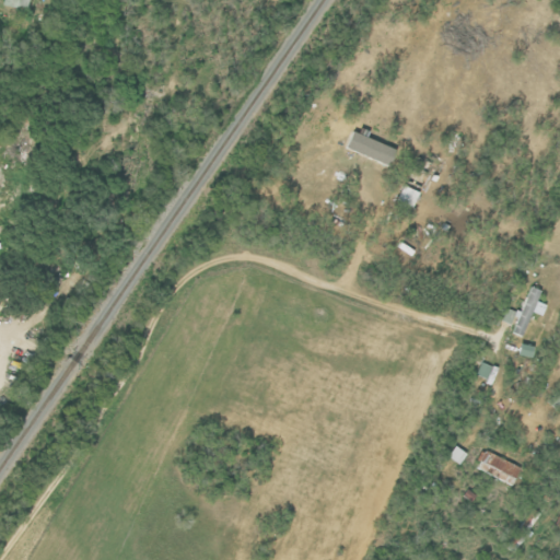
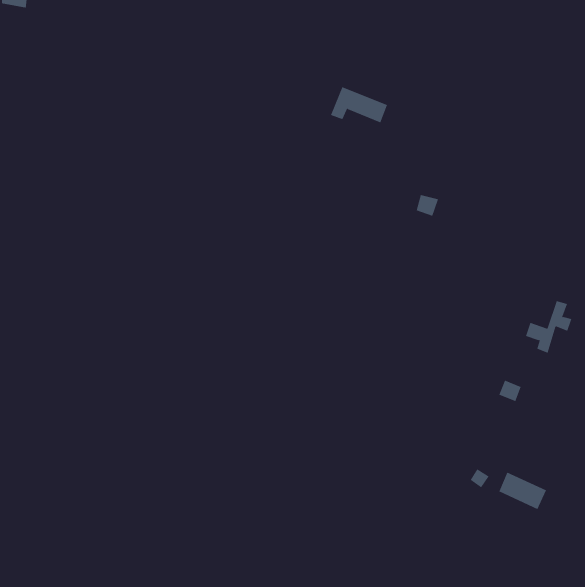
building: [342,130,397,165] -> [330,86,388,123]

